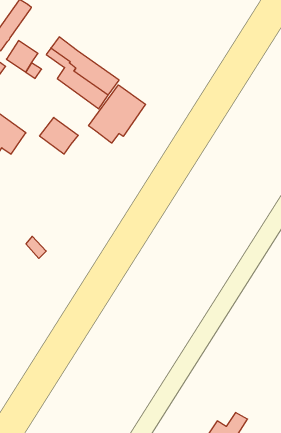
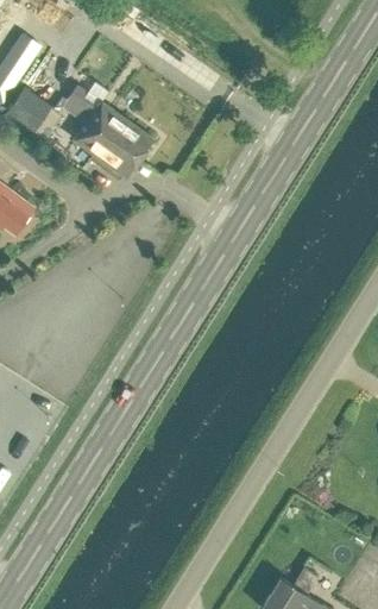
building: [89,85,146,143] -> none
building: [40,117,78,154] -> none

